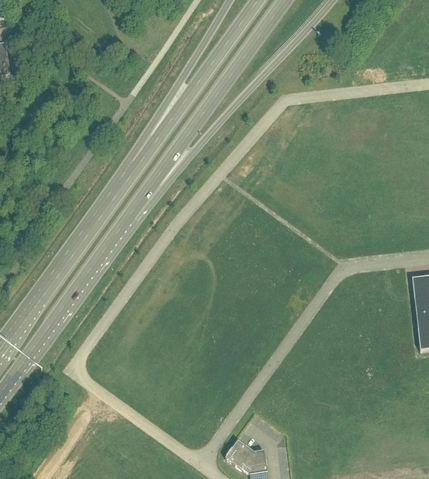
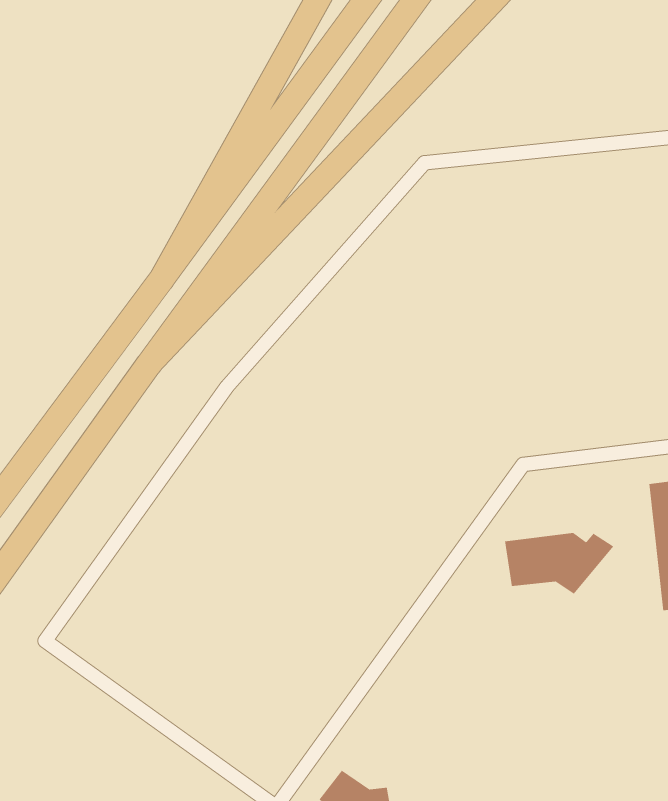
building: none -> [505,532,614,595]

